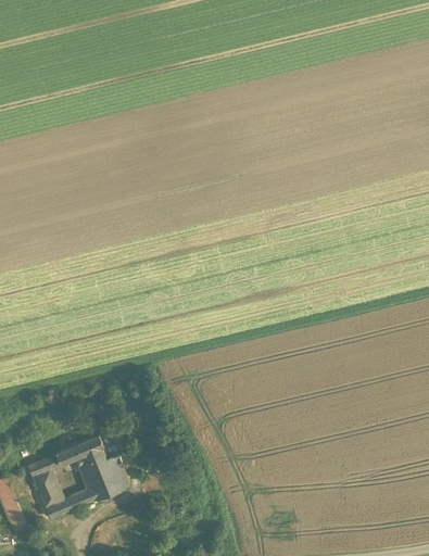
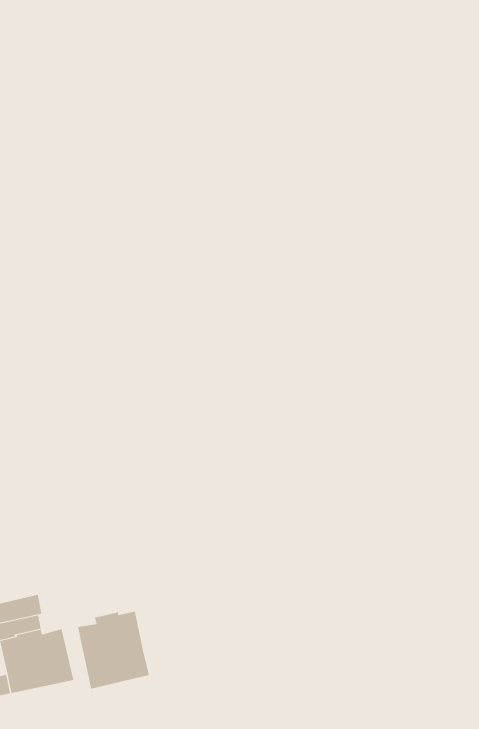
building: none -> [77,611,150,689]

